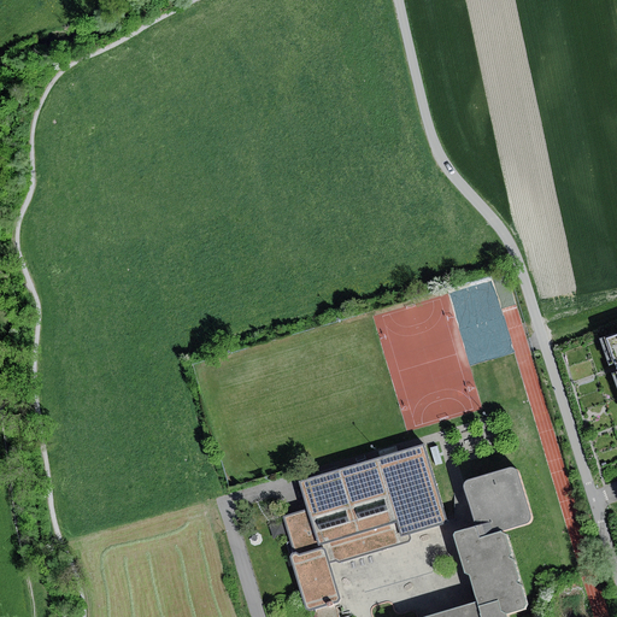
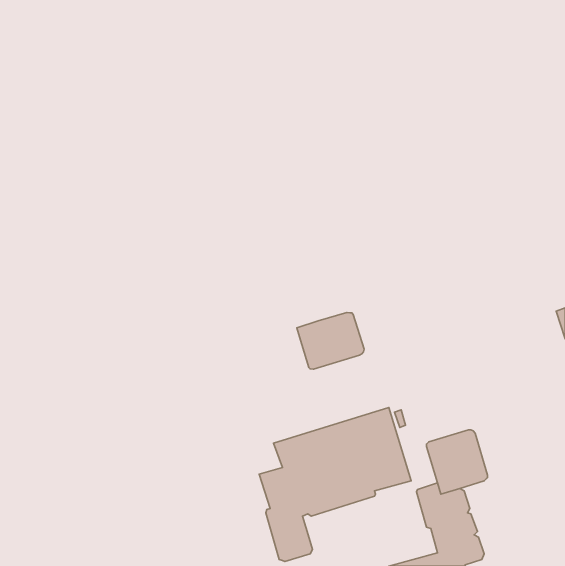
building: none -> [297,313,364,369]

